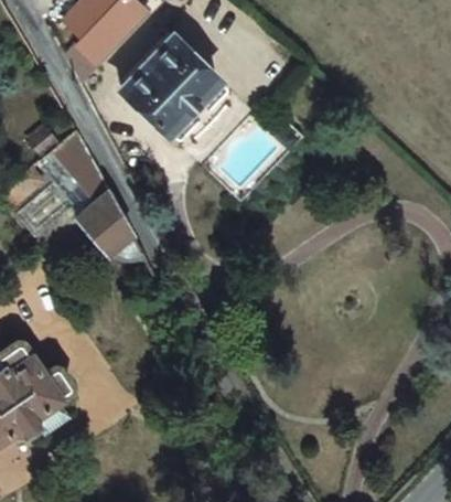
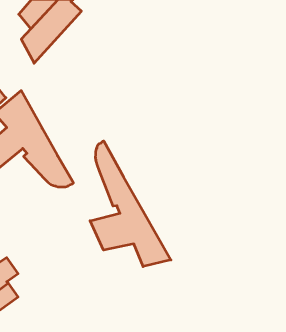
building: [122,49,219,145] -> none
building: none -> [90,141,171,267]

